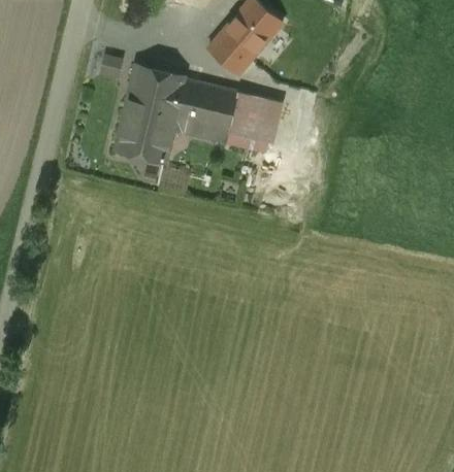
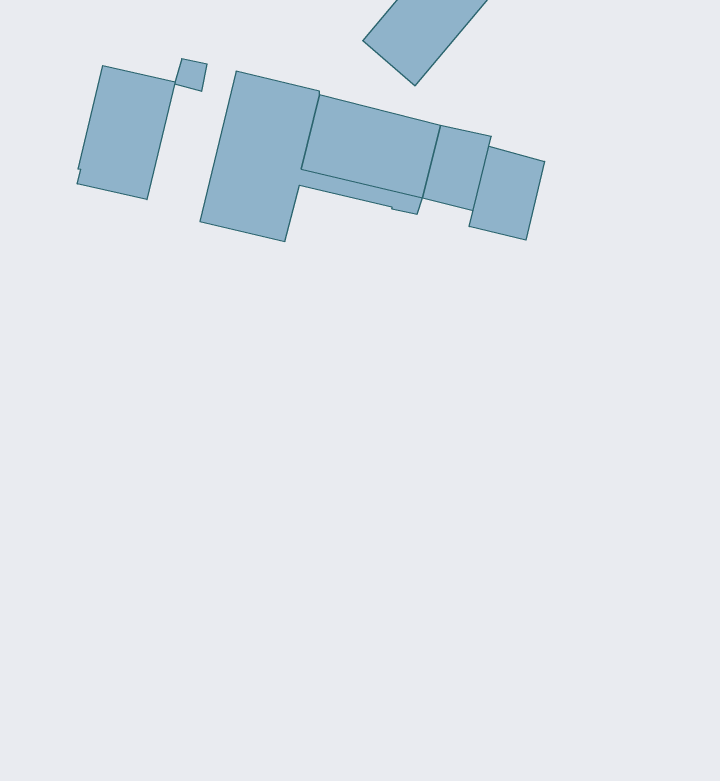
building: none -> [77,66,175,200]
building: none -> [469,146,545,240]

